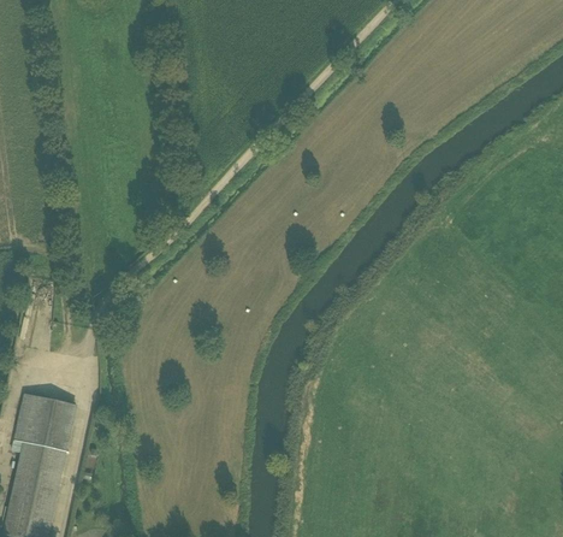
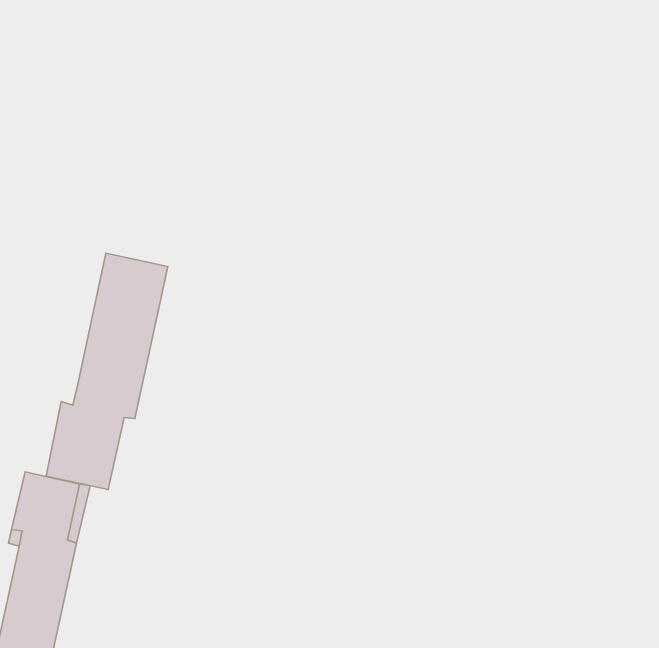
building: none -> [46,253,168,489]

